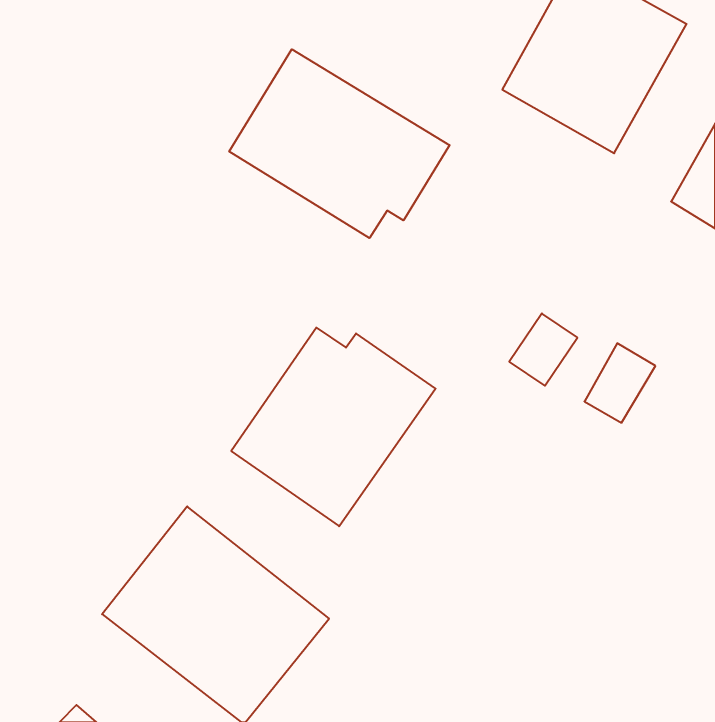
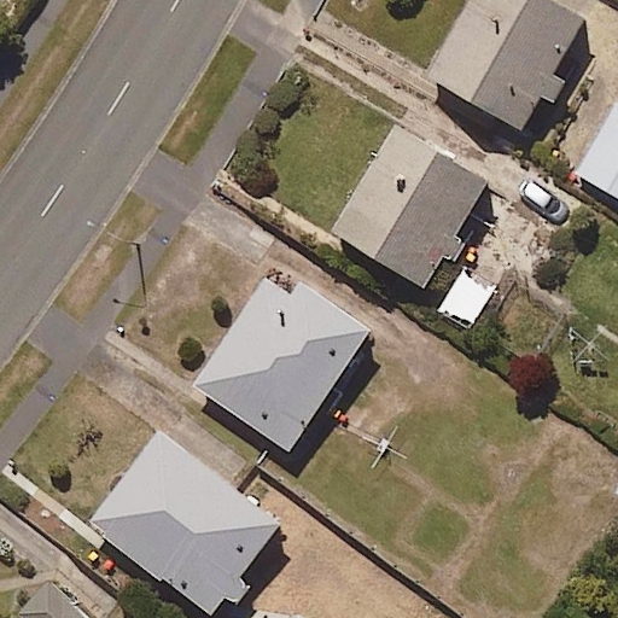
building: [229,49,450,238] -> none
building: none -> [330,127,486,288]

